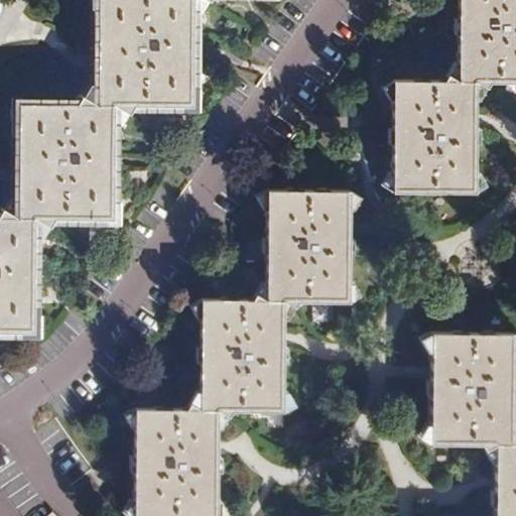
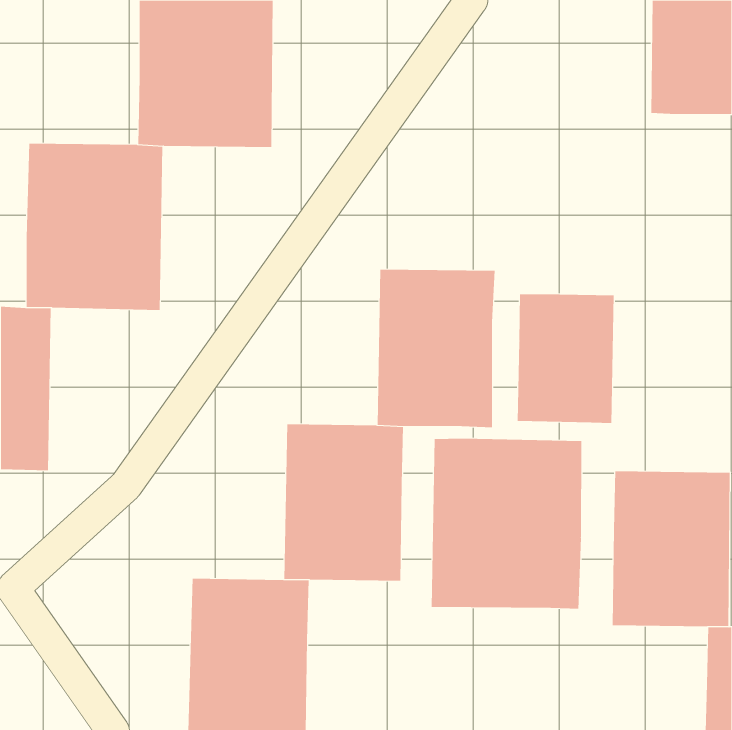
building: [392,80,476,192] -> none
building: none -> [517,293,614,424]
building: none -> [431,438,582,610]

